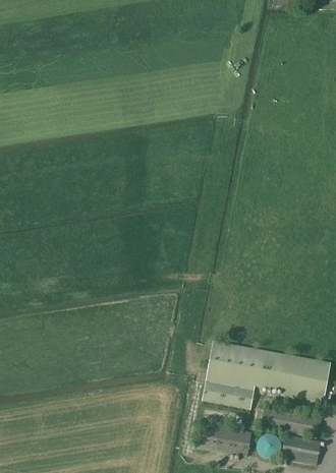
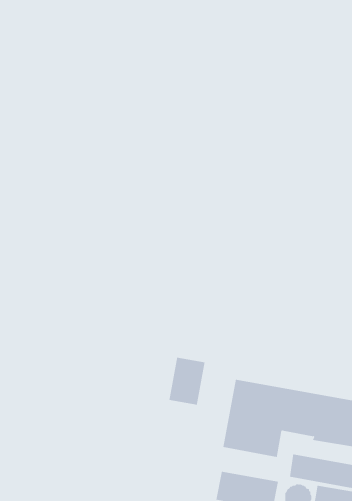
building: none -> [169,357,205,405]

